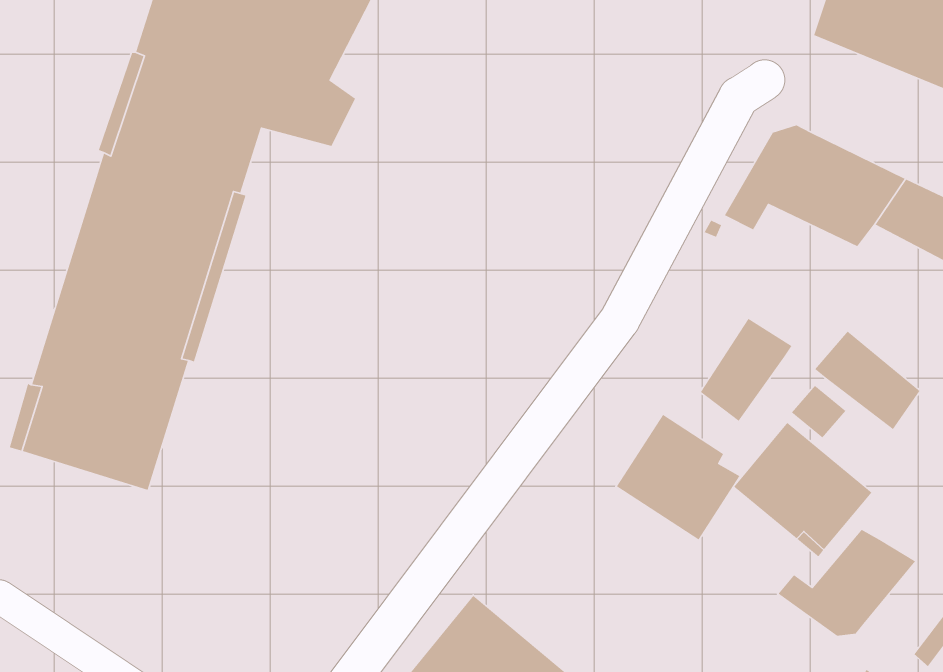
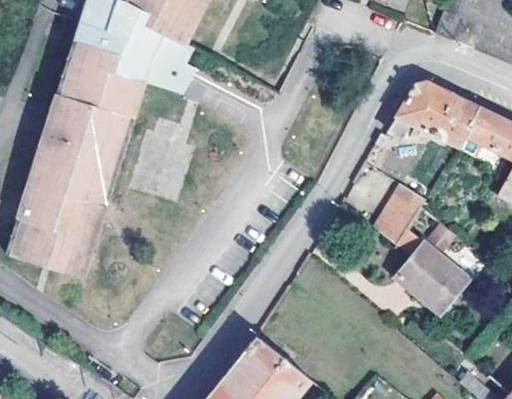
building: [814,330,921,430] -> none
building: [616,414,740,541] -> none
building: [777,529,916,637] -> none

